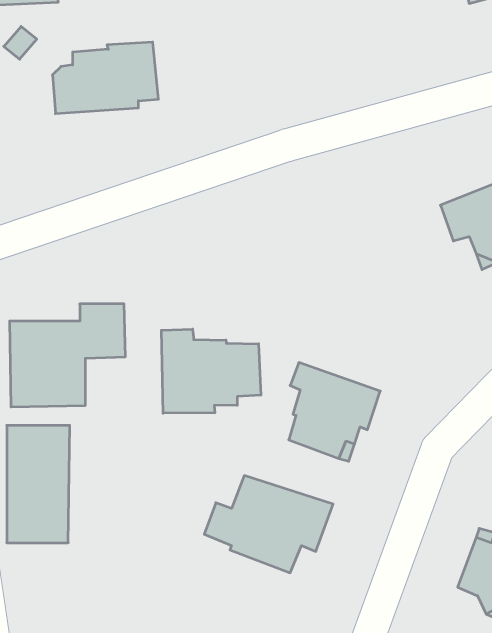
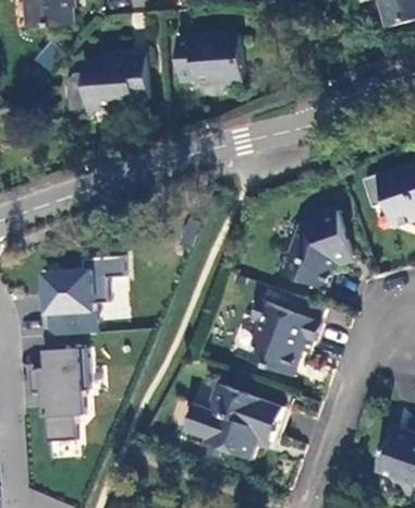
building: none -> [179,35,242,85]
building: none -> [278,211,353,289]
building: [161,329,261,413] -> none

